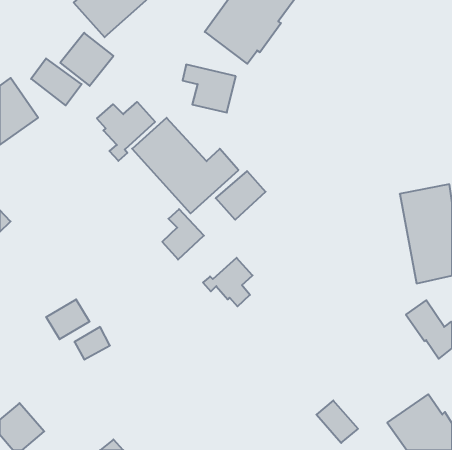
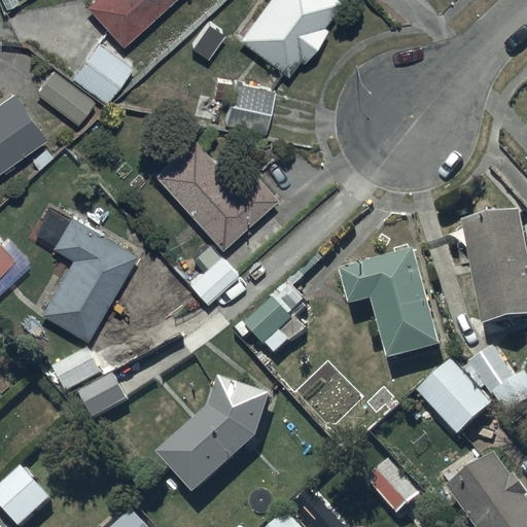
building: [97,102,155,161] -> none
building: [216,171,266,220] -> none
building: none -> [40,214,136,338]
building: none -> [341,253,442,363]
building: none -> [418,361,494,437]
building: none -> [159,379,274,497]

